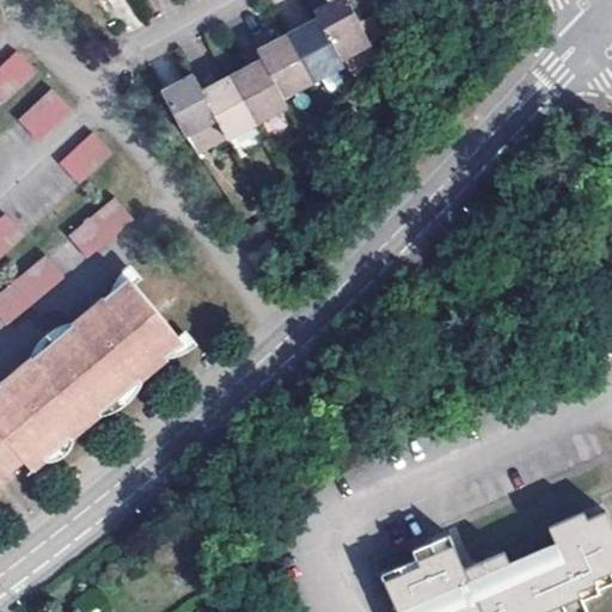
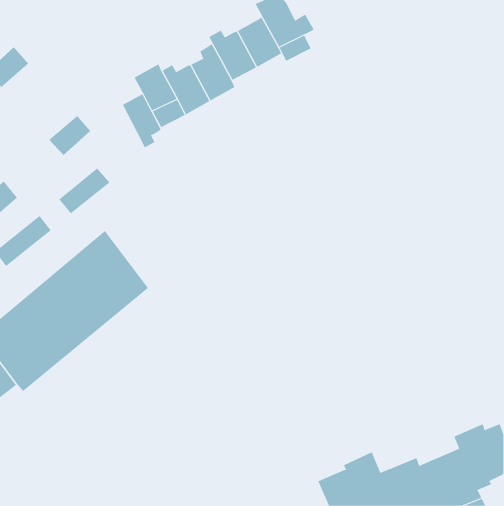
building: [14,90,66,139] -> none
building: none -> [122,93,161,148]

